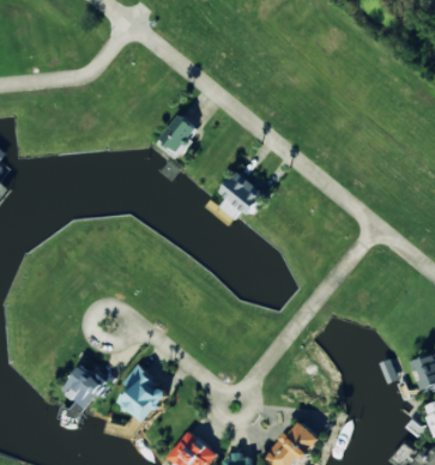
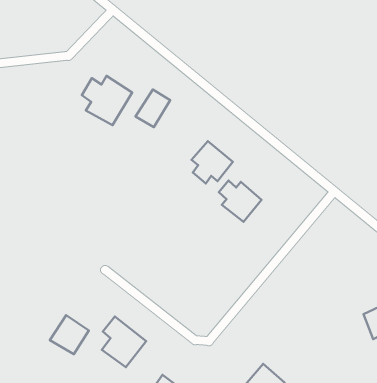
building: none -> [82,76,132,125]
building: none -> [219,181,262,222]

